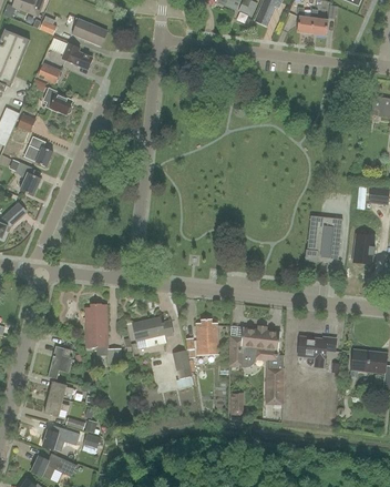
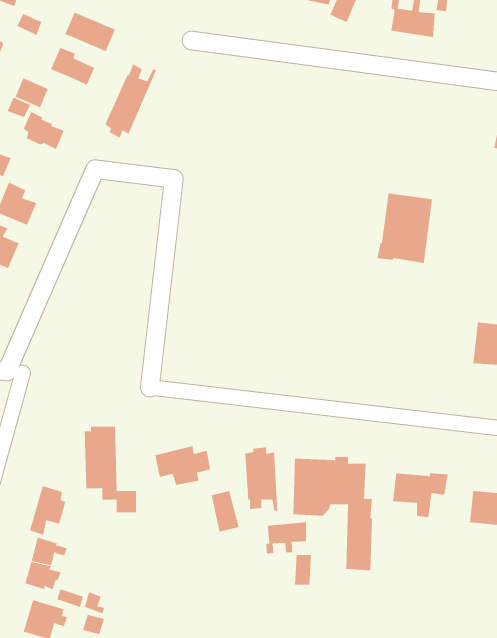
building: none -> [105,63,157,138]
building: [304,216,342,265] -> [376,193,433,263]
building: none -> [266,522,307,555]

